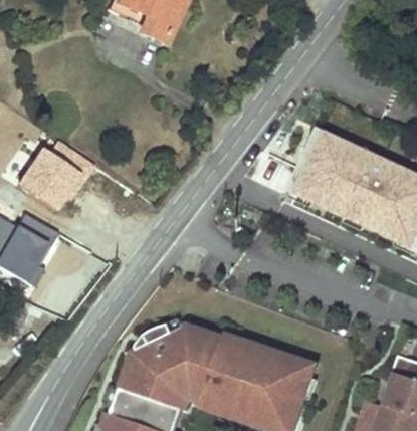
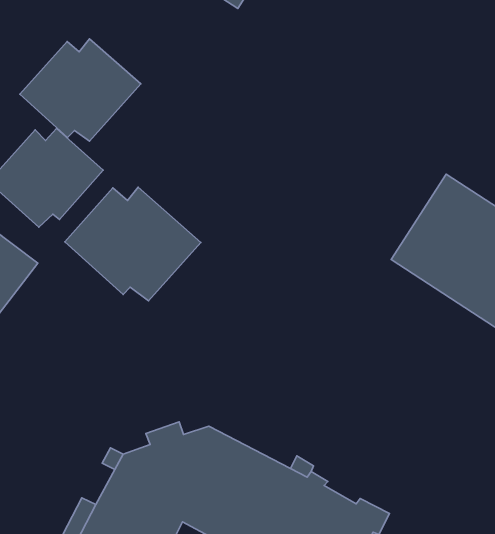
building: none -> [20,39,141,141]
building: none -> [65,187,201,301]

